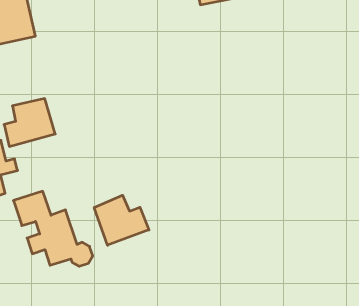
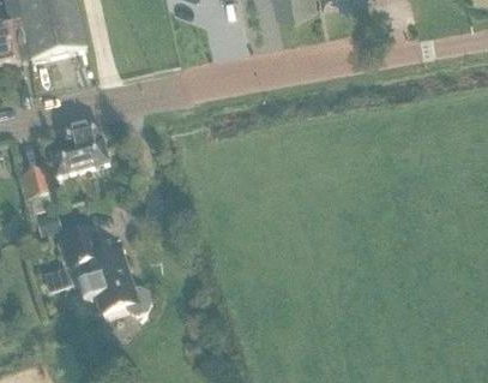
building: [94,195,149,245] -> none

